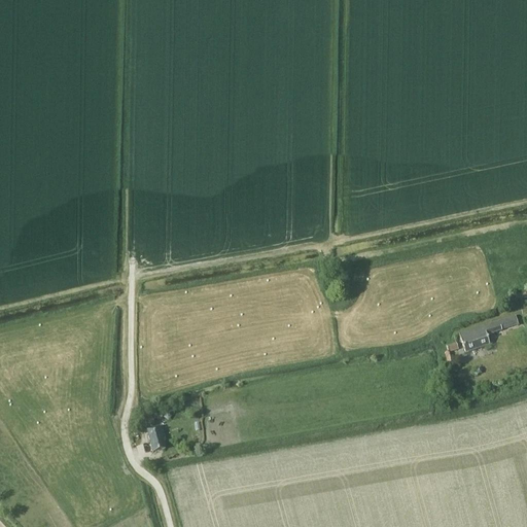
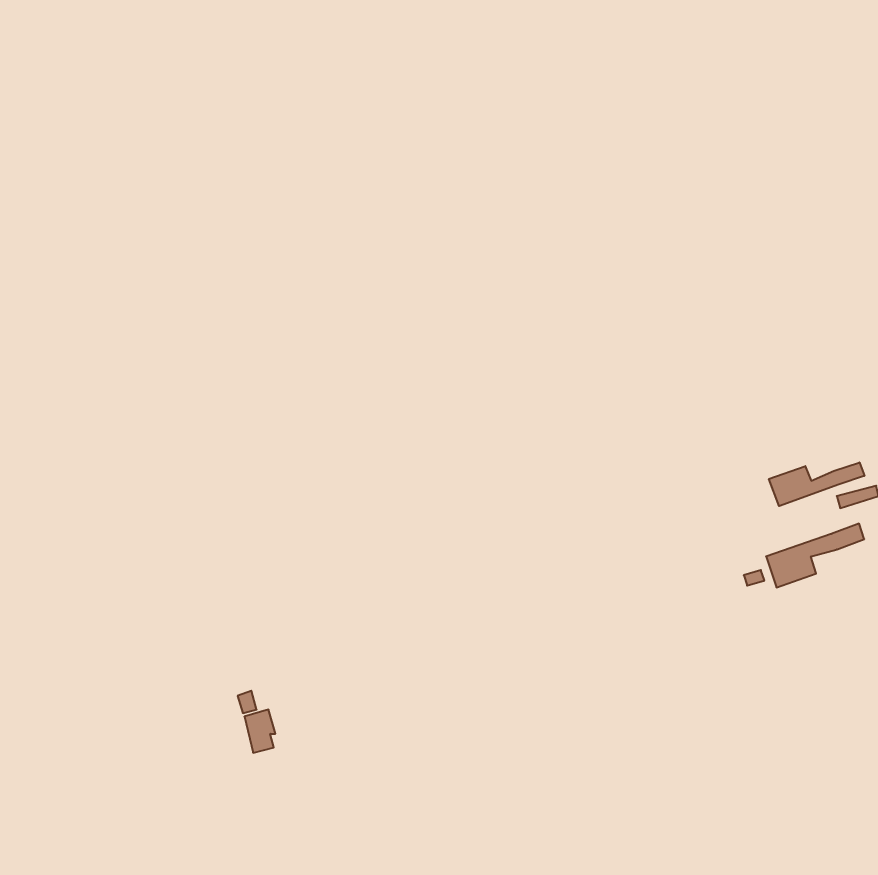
building: none -> [769,462,864,506]

